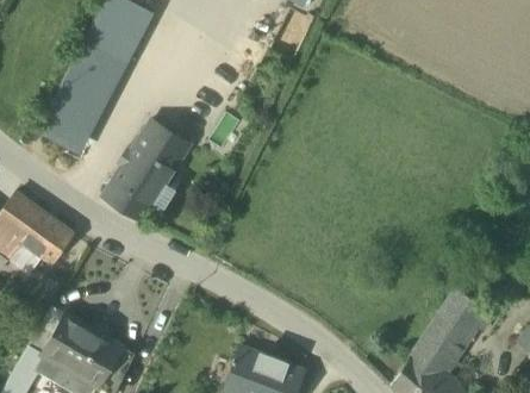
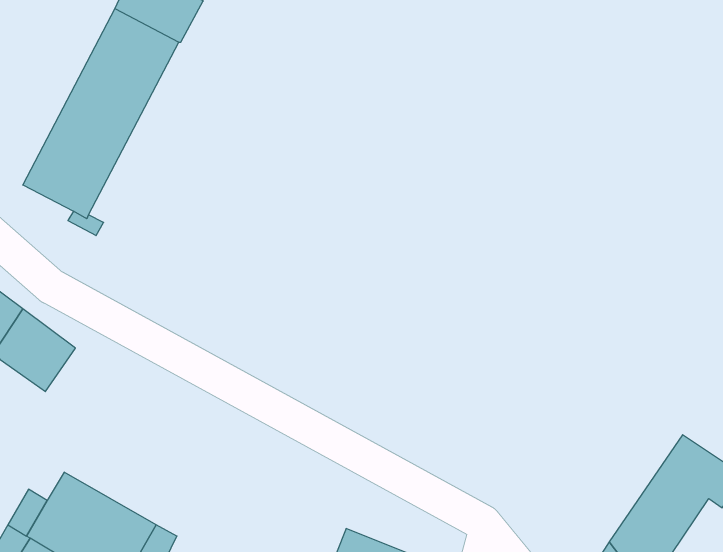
building: [102,119,191,220] -> none

